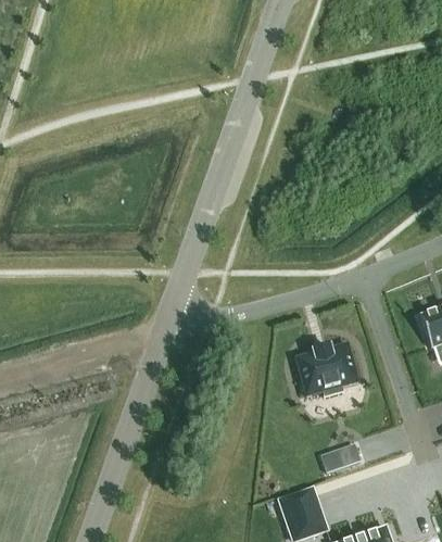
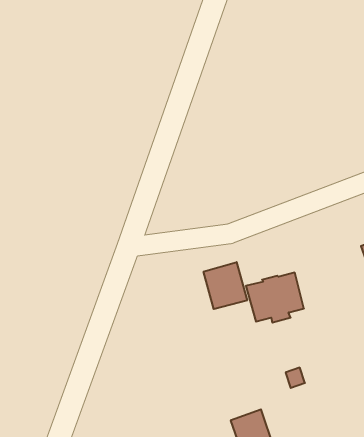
building: none -> [204,262,247,309]

